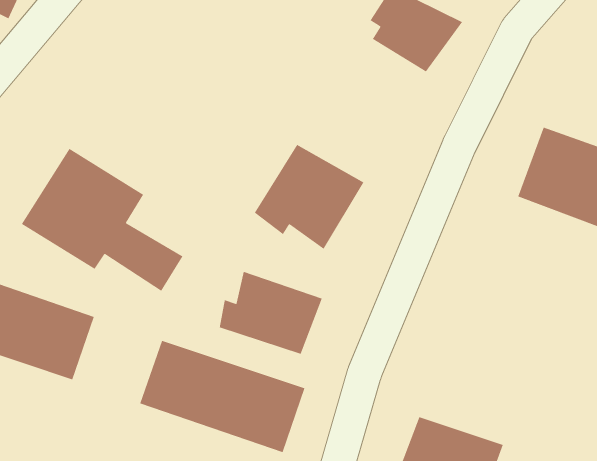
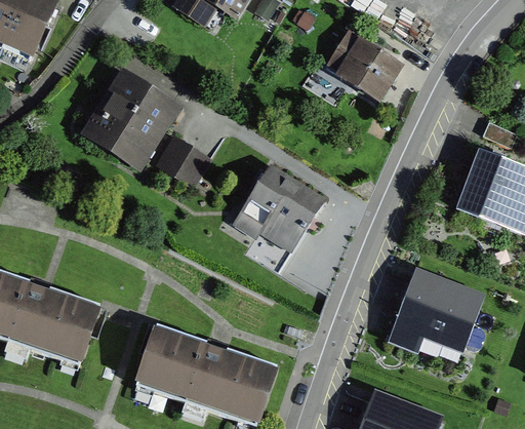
building: [21,148,184,292] -> [79,66,214,186]
building: none -> [389,266,484,351]
building: [219,271,323,355] -> none

